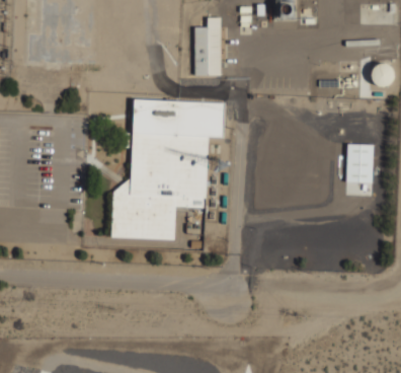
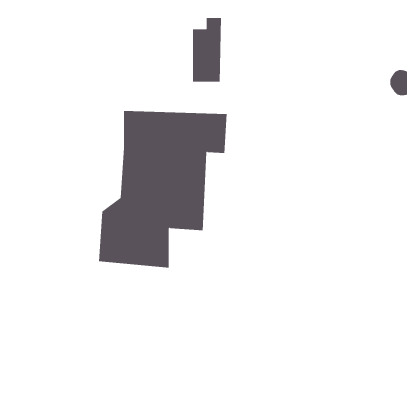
building: [346,145,374,199] -> none

